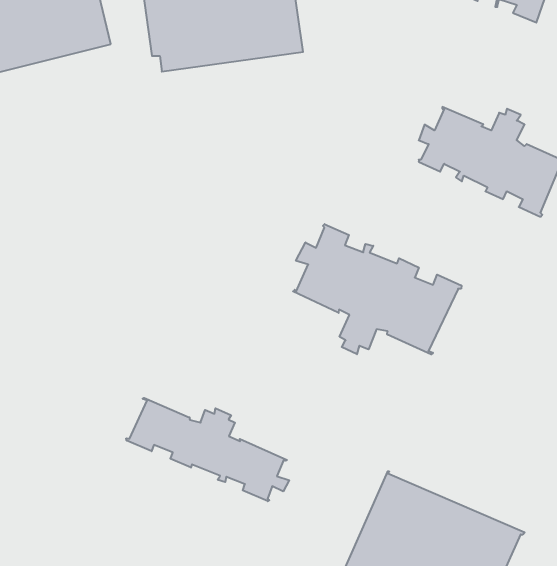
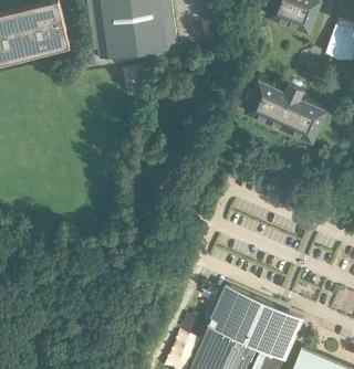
building: [293,224,461,354] -> none
building: [126,398,289,501] -> none

